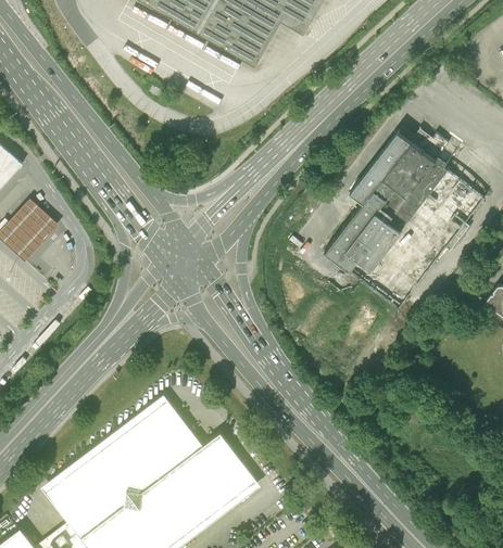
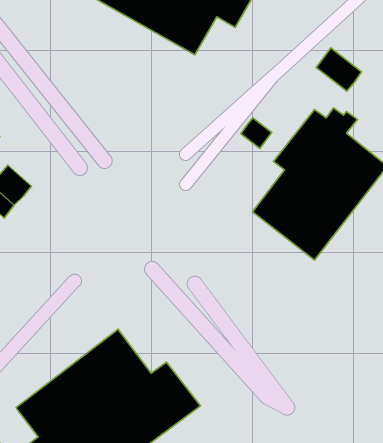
building: none -> [316,48,361,91]
building: none -> [241,118,272,149]

